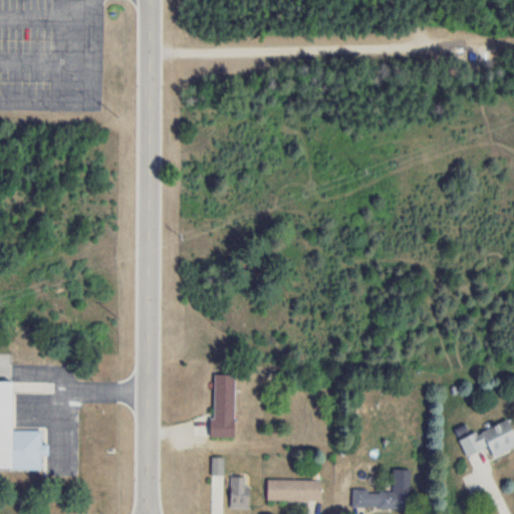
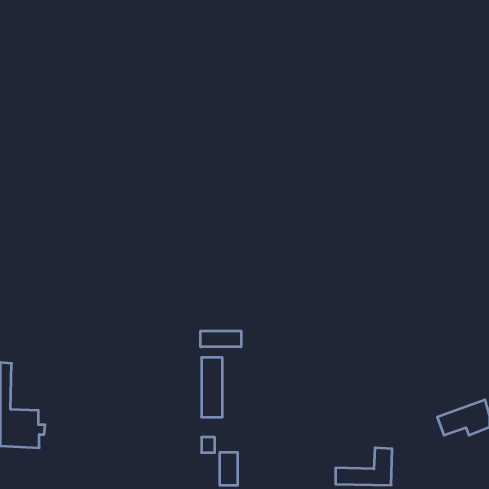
building: none -> [201,331,241,347]
building: [267,480,321,501] -> none

